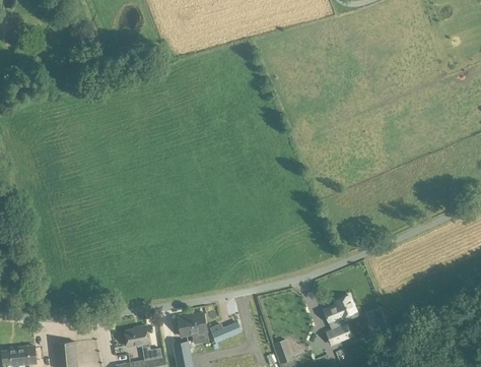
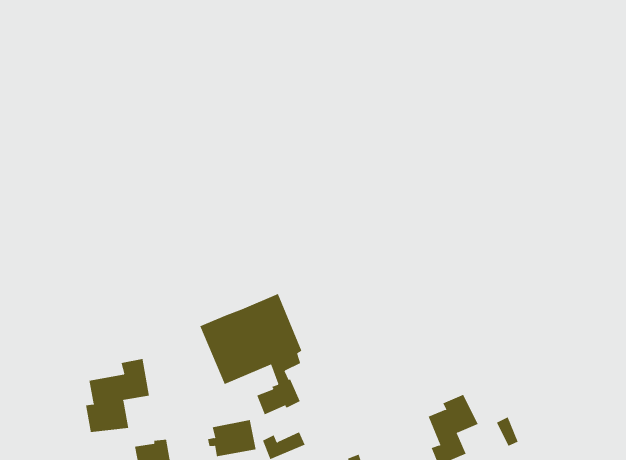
building: none -> [199,293,302,415]
building: none -> [86,358,150,433]

